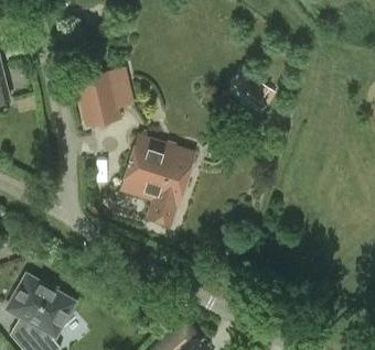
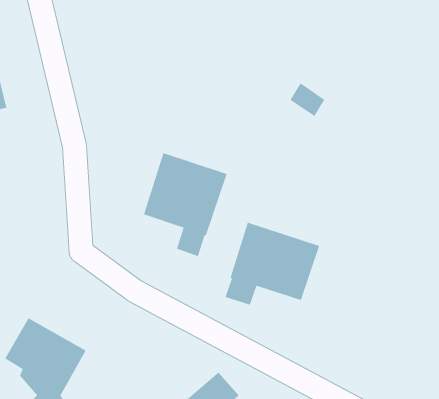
building: [73,66,133,128] -> none
building: none -> [225,222,320,305]

